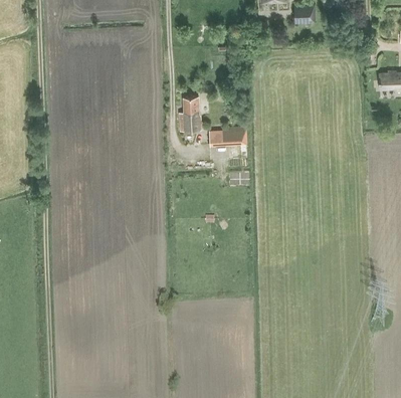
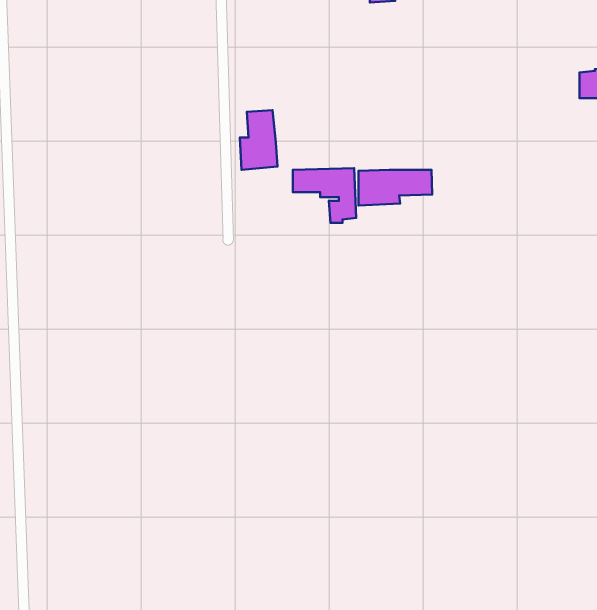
building: none -> [358,170,432,205]

